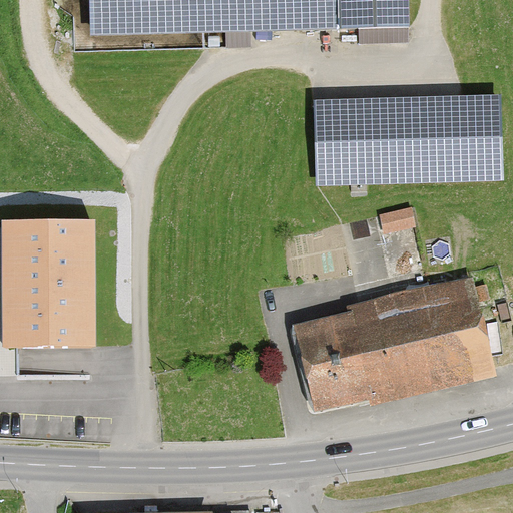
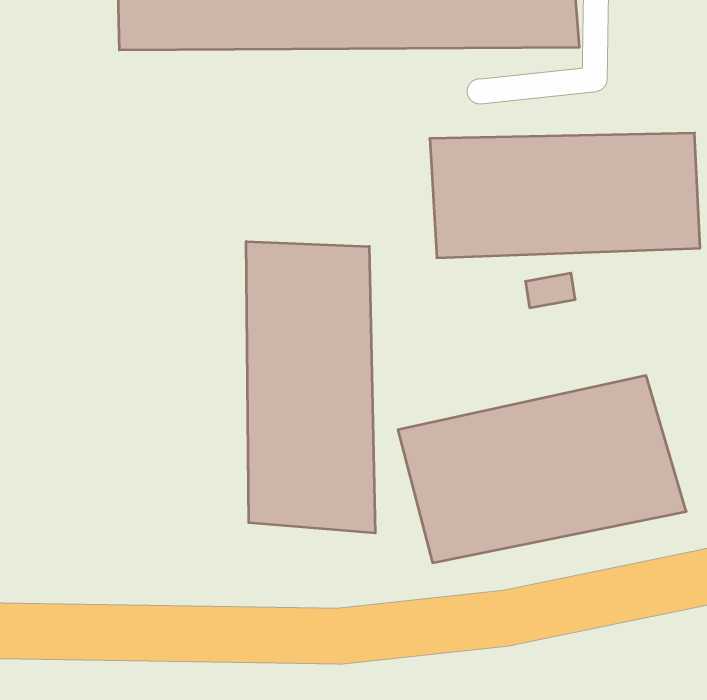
building: none -> [246,241,375,533]
building: [8,229,90,344] -> none

